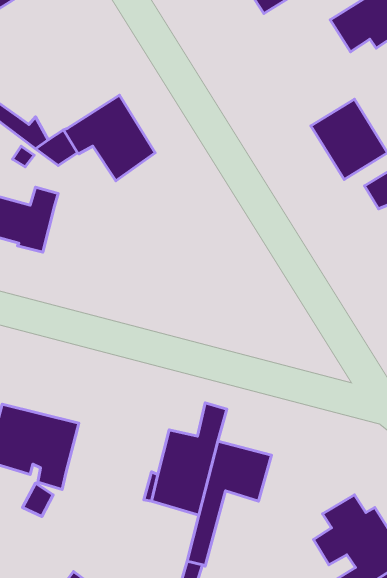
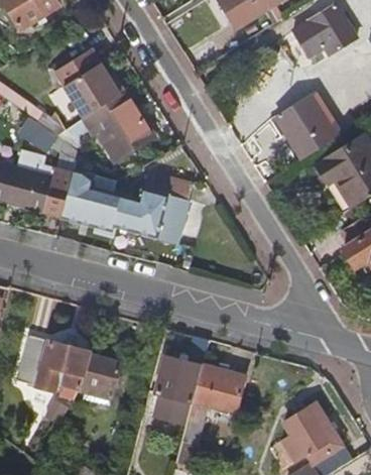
building: none -> [54,48,123,118]
building: none -> [63,168,193,242]
building: none -> [81,355,119,405]

